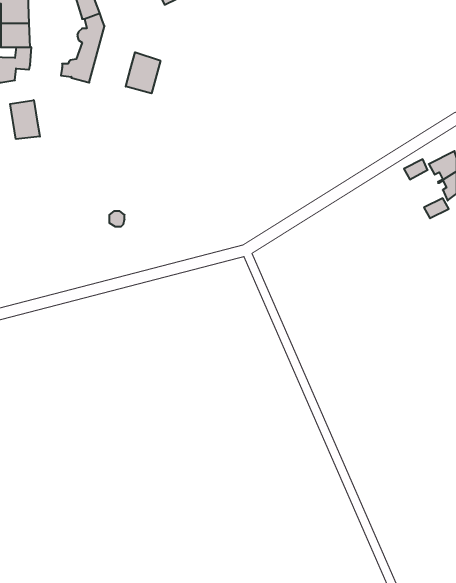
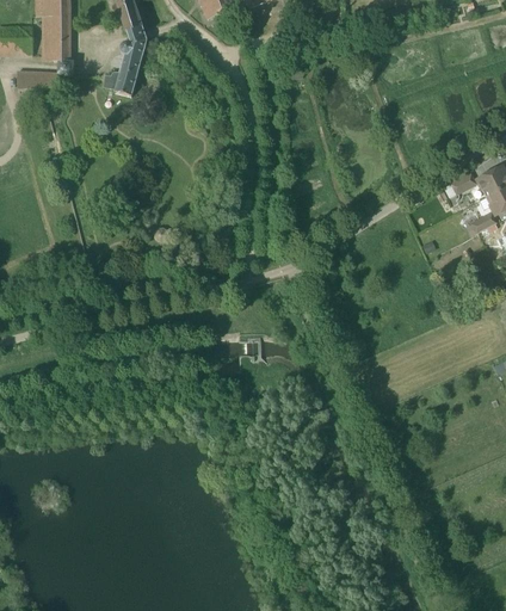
building: [126,52,160,93] -> none
building: [10,100,40,139] -> none

